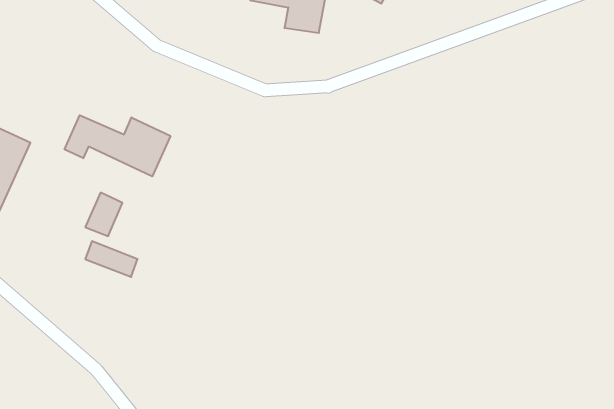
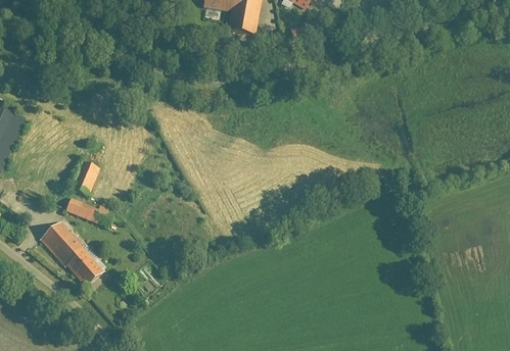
building: [65,115,170,176] -> none
building: none -> [39,220,102,286]

